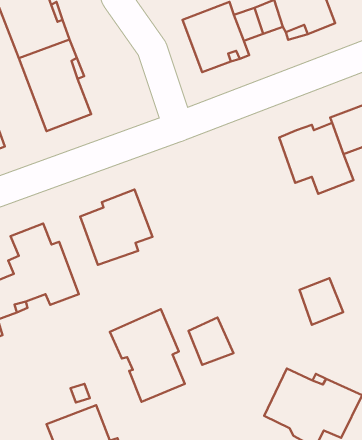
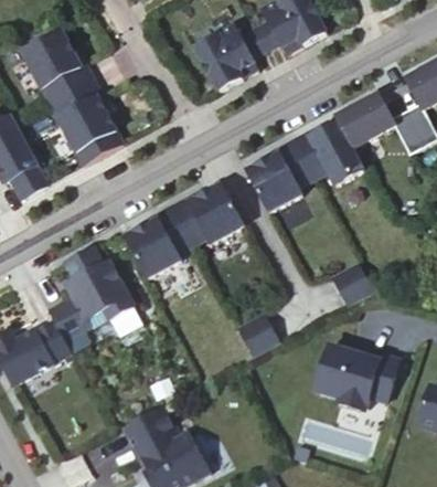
building: none -> [246,140,312,212]
building: none -> [170,183,244,245]
building: [110,309,185,402] -> none

